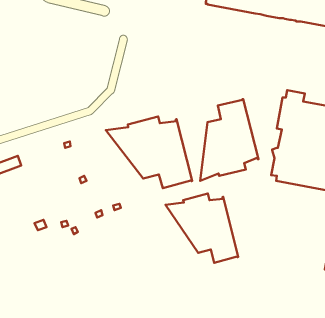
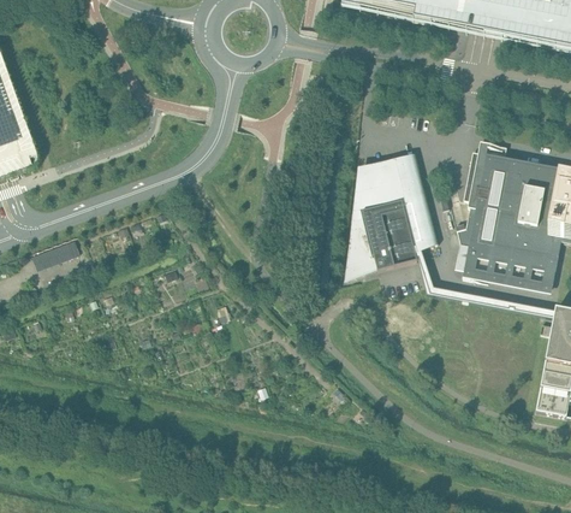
building: [106,117,192,188] -> none
building: [165,194,238,263] -> none

